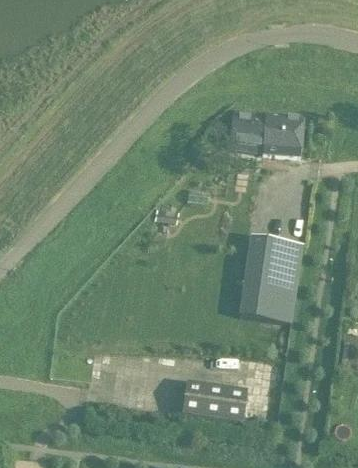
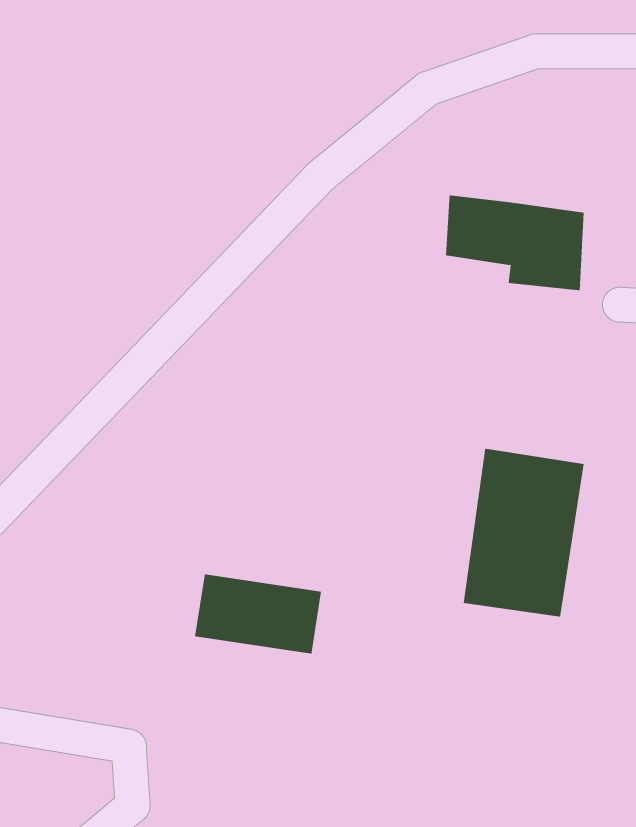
building: [182,380,247,421] -> [194,574,322,654]

